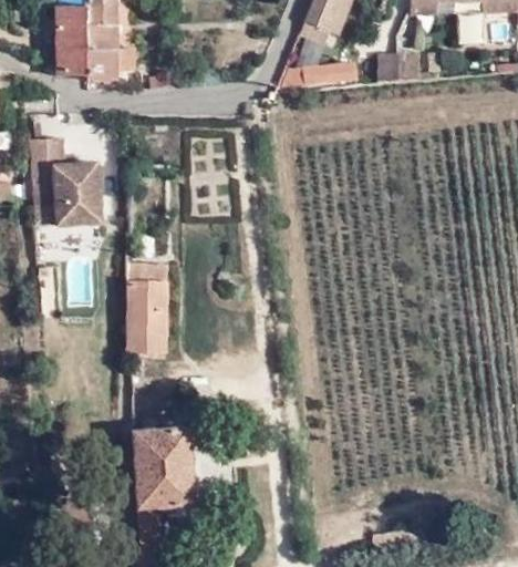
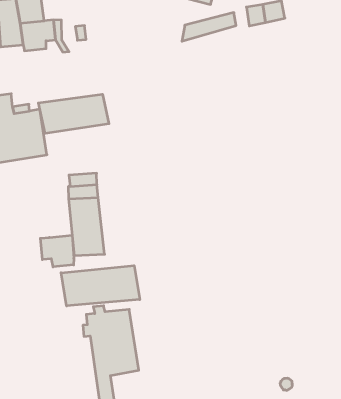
building: none -> [38,94,109,133]
building: none -> [40,235,74,267]
building: none -> [61,266,140,306]

